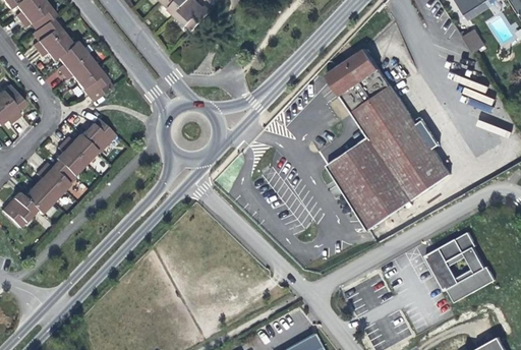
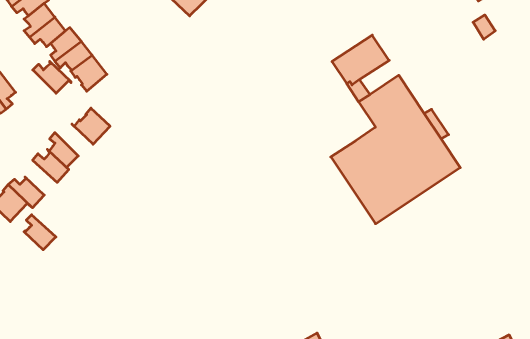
building: [355,72,393,105] -> none
building: [63,133,100,164] -> [33,61,71,93]
building: [35,168,65,201] -> [24,215,56,250]
building: [430,232,496,302] -> none

